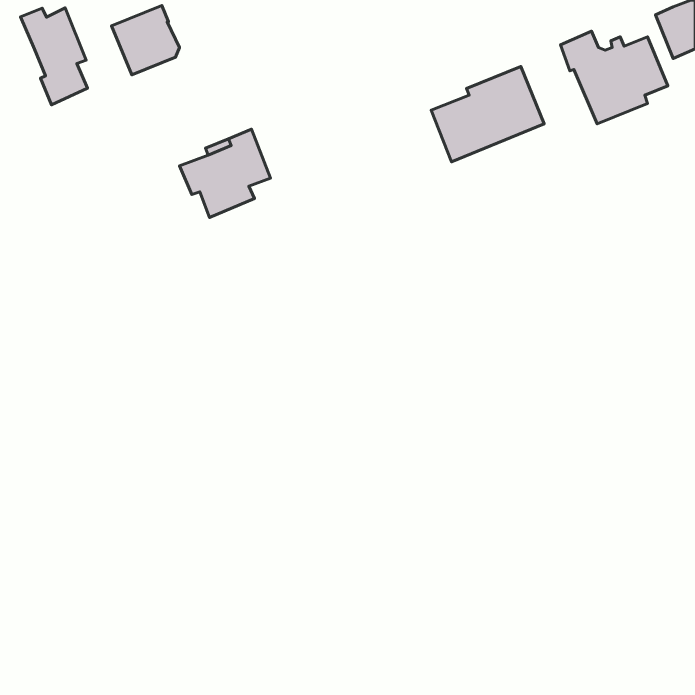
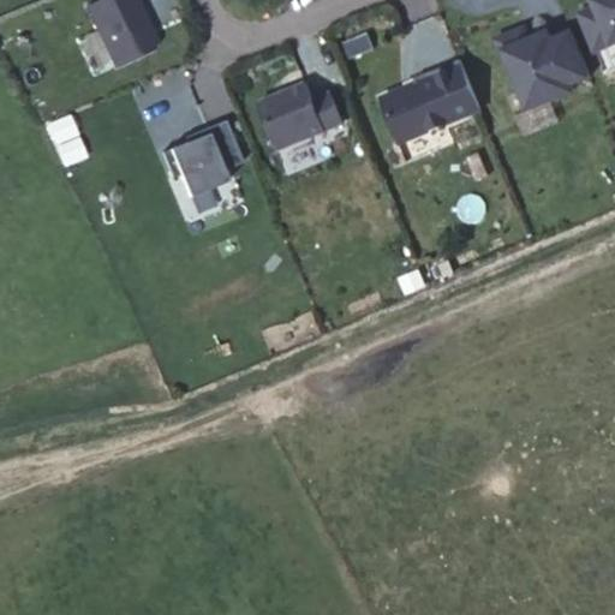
building: [20,8,88,105] -> none
building: none -> [257,84,342,150]

